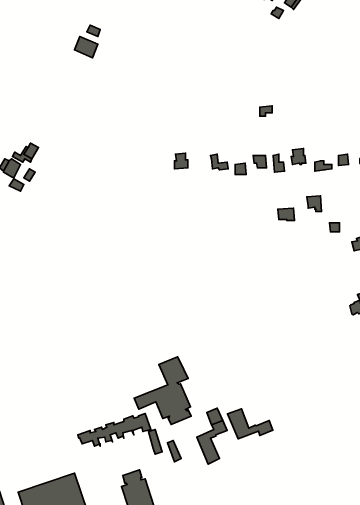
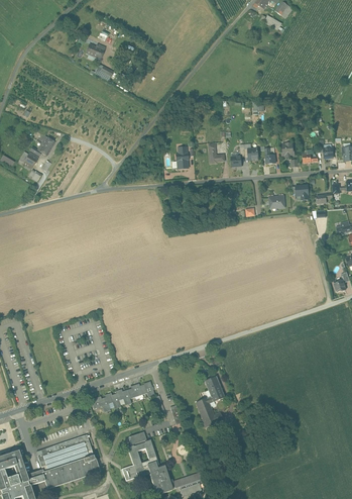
building: [134,357,191,424] -> none
building: [228,409,273,439] -> none

